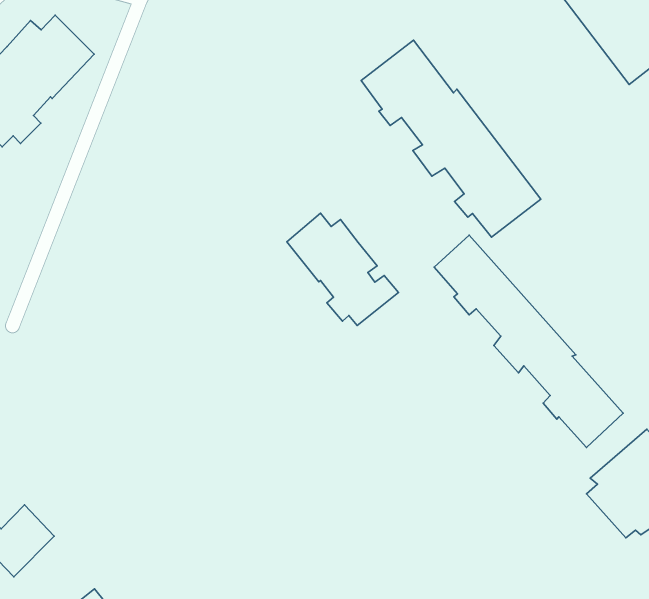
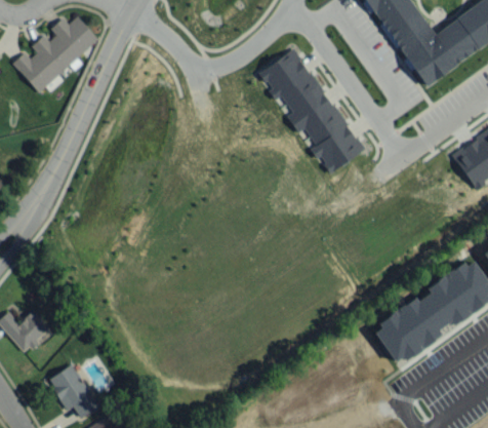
building: [287,213,399,325] -> none
building: [434,235,623,447] -> none

